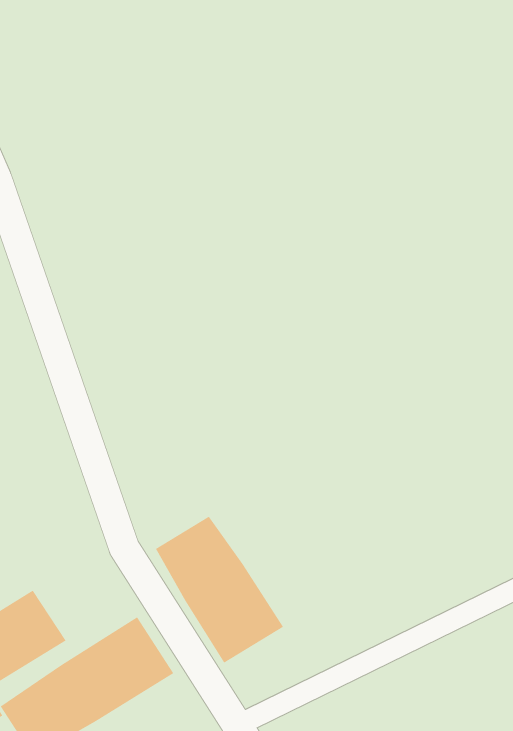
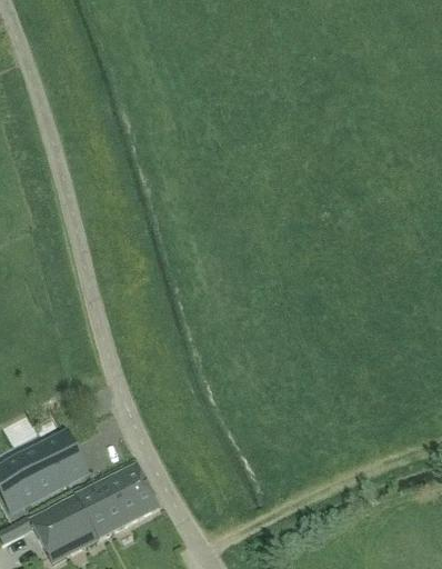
building: [155,516,284,664] -> none

